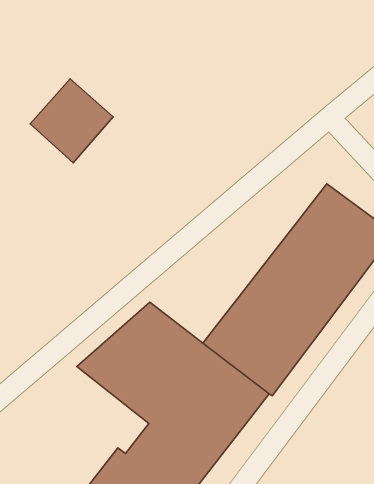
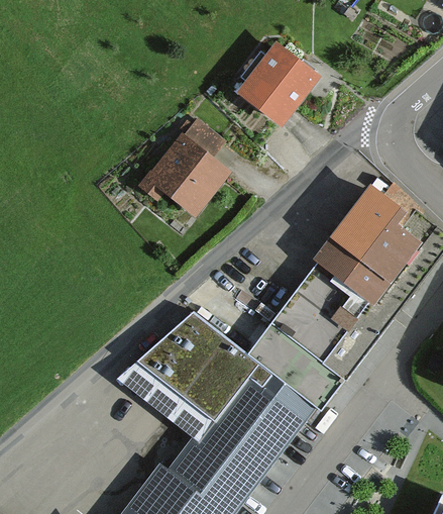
building: none -> [246,54,318,125]
building: [30,79,113,163] -> [148,131,234,218]

